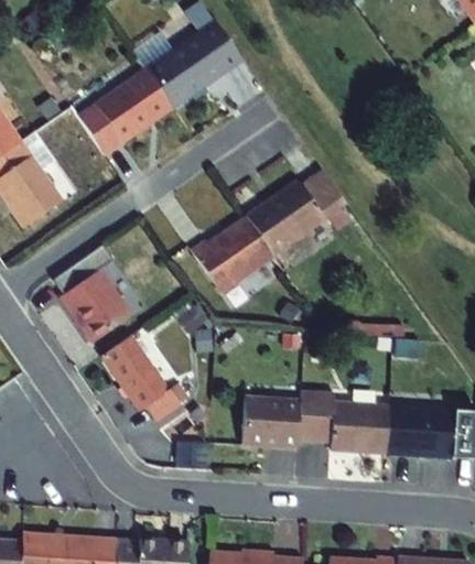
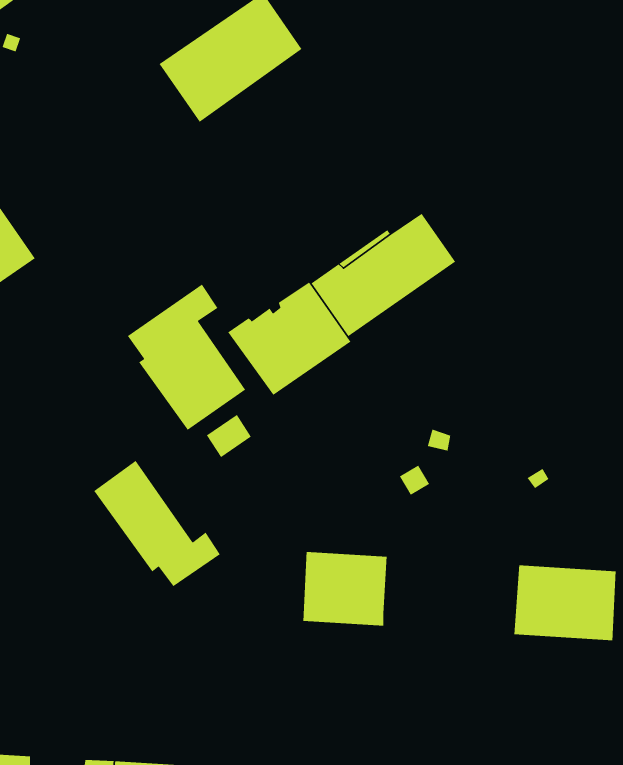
building: [77,69,173,155] -> none
building: [52,245,132,344] -> [127,284,246,431]
building: [298,392,388,454] -> none

